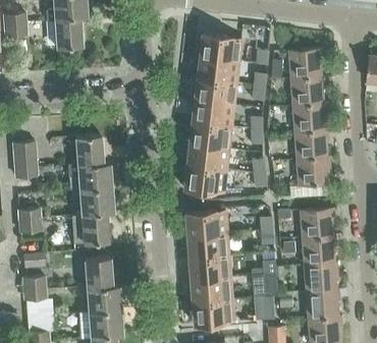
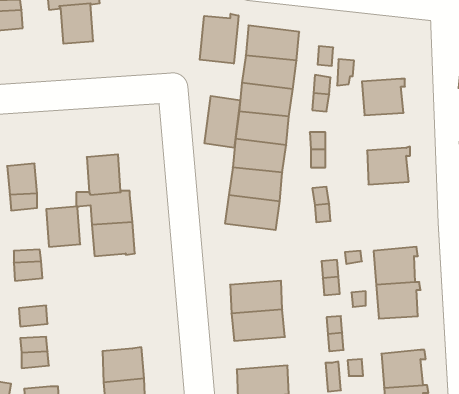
building: none -> [200,14,238,64]
building: [288,48,322,77] -> none
building: none -> [205,96,240,148]
building: [292,102,326,131] -> none
building: [295,156,330,185] -> none
building: [185,211,227,236] -> none
building: [82,212,108,243] -> [46,206,80,247]
building: [86,256,111,288] -> none
building: [304,261,338,290] -> none
building: [191,277,232,302] -> none

